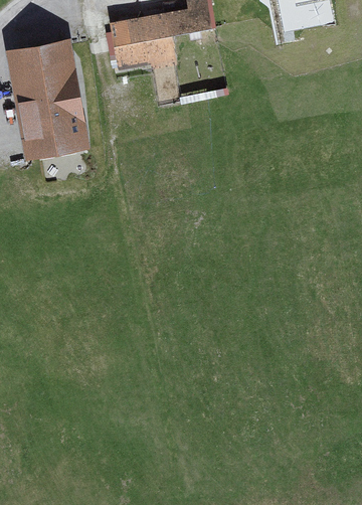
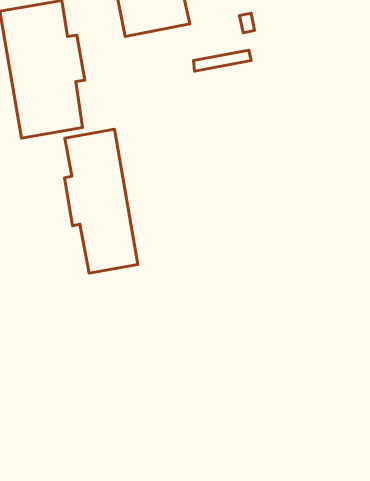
building: none -> [65,129,138,273]

